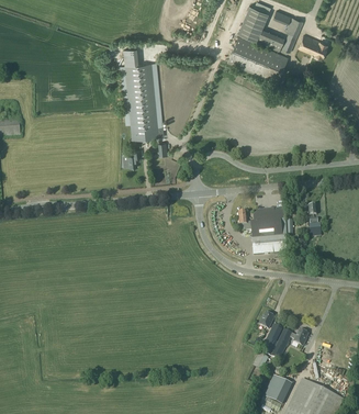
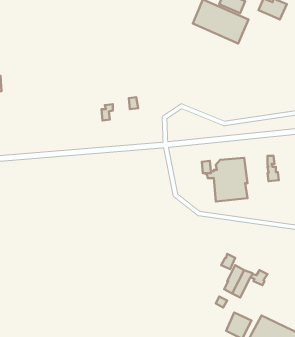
building: [120,47,164,138] -> none

